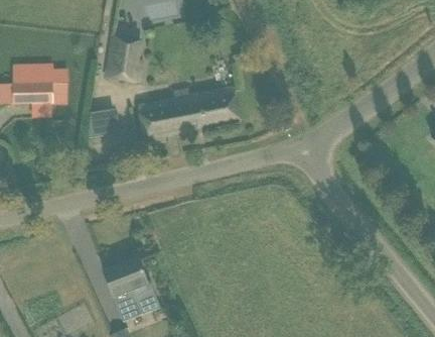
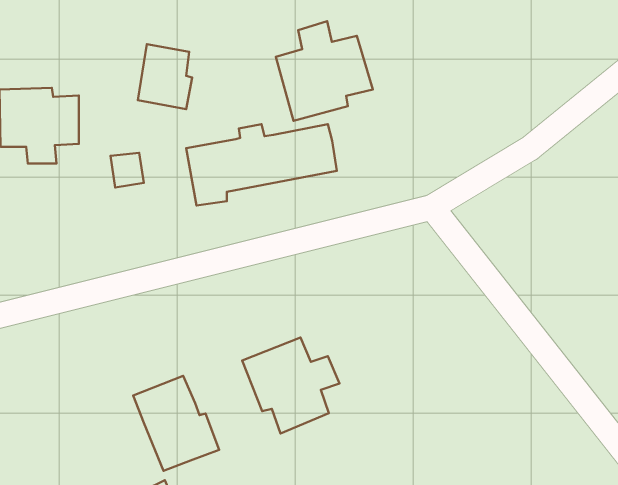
building: none -> [276,21,373,121]
building: none -> [242,338,339,434]

